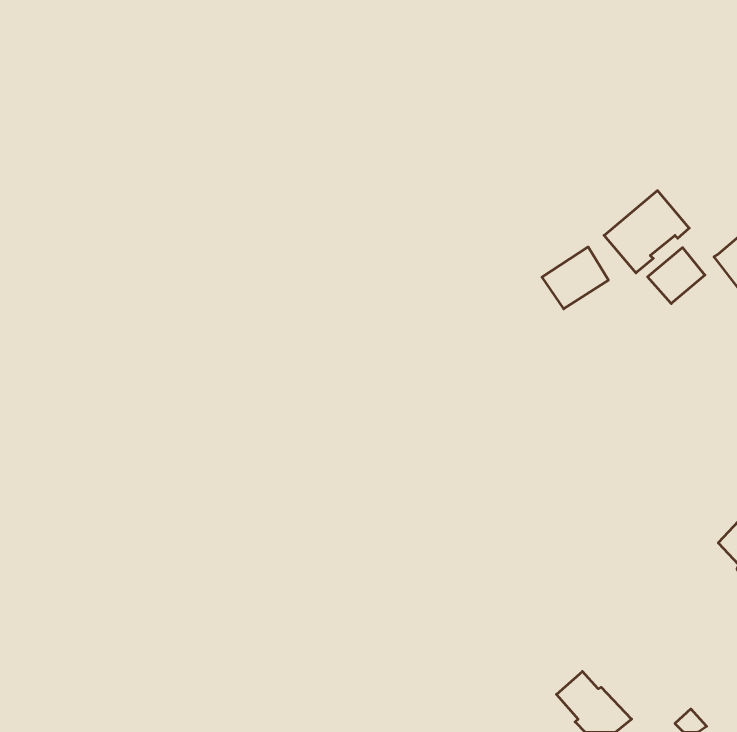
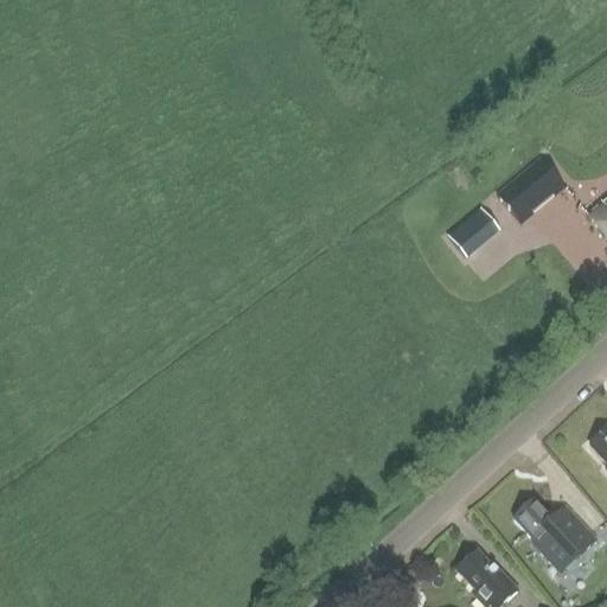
building: [648,248,705,304] -> none
building: none -> [516,499,598,573]

